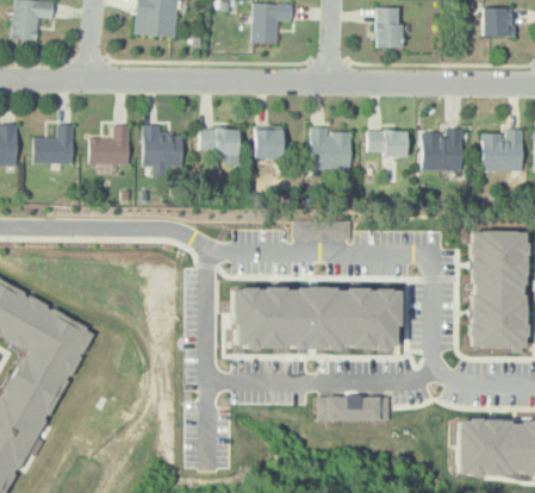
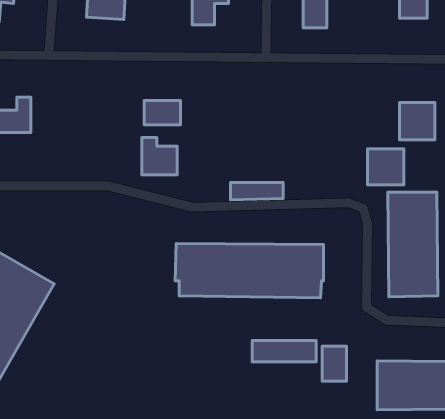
building: [88,126,129,166] -> none
building: [143,126,182,168] -> [142,138,177,175]
building: [254,130,284,158] -> none
building: [310,130,352,170] -> none
building: [367,130,408,156] -> none
building: [421,131,461,171] -> [368,149,404,185]
building: none -> [322,346,346,381]

